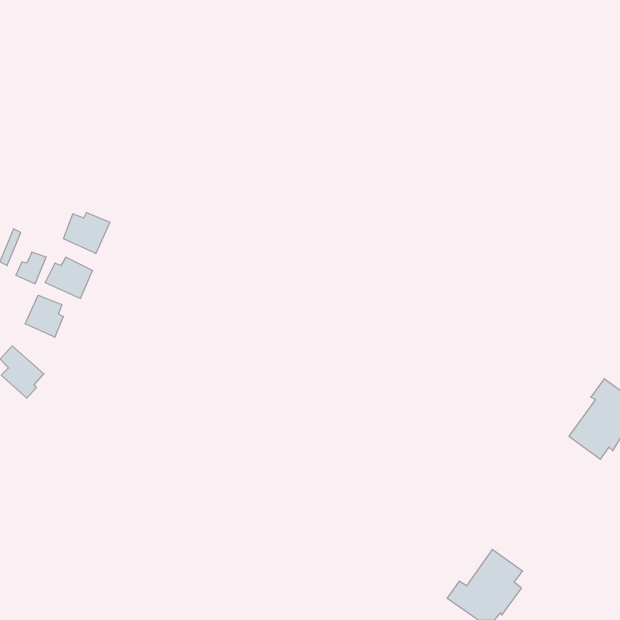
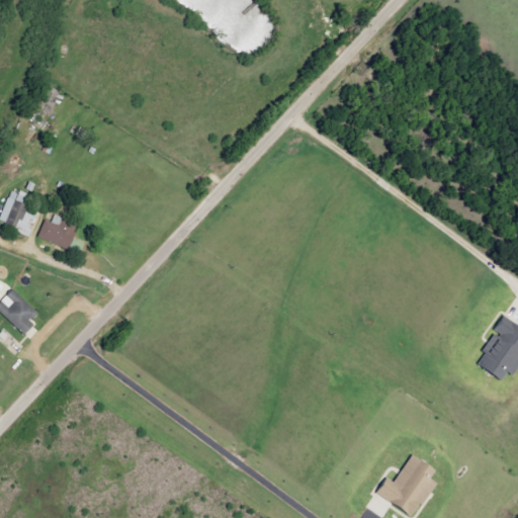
building: [63,212,110,254] -> none
building: [25,295,63,337] -> none

